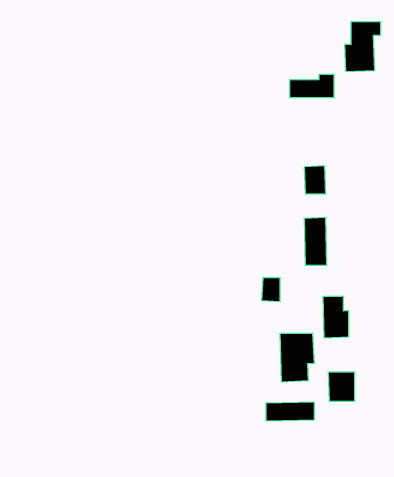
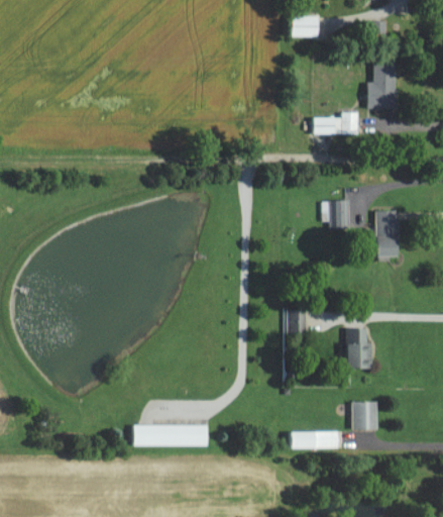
building: [304,217,327,265] -> [376,210,399,256]
building: [280,333,314,382] -> none
building: none -> [133,425,208,446]

